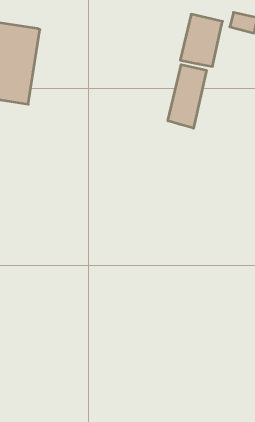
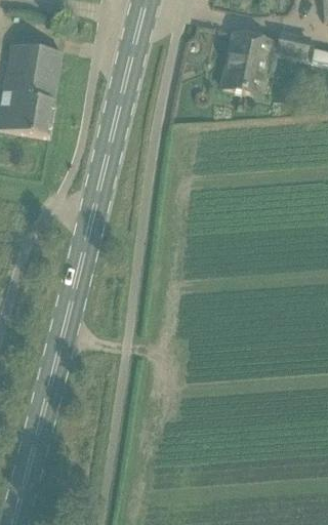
building: [168,65,206,128] -> none

